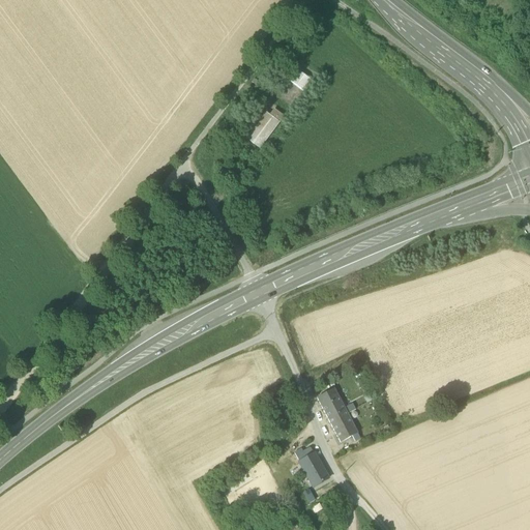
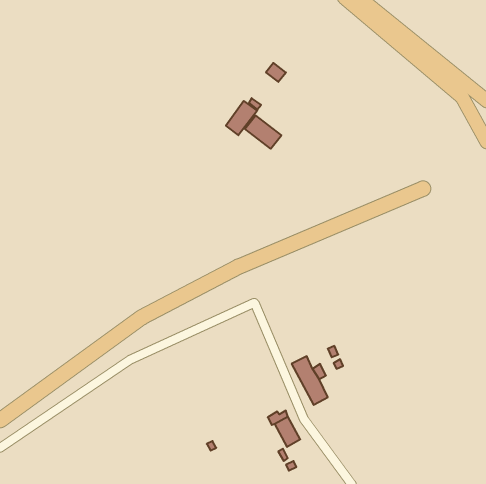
building: none -> [245,116,281,149]

